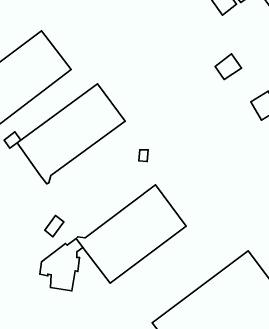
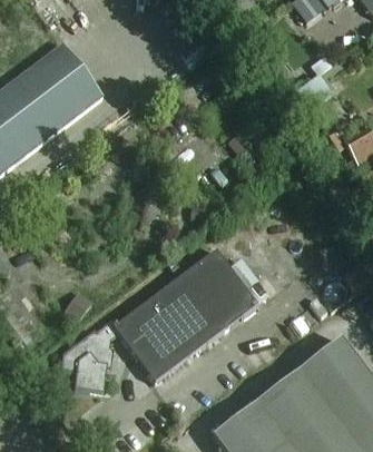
building: [17,84,125,184] -> none

